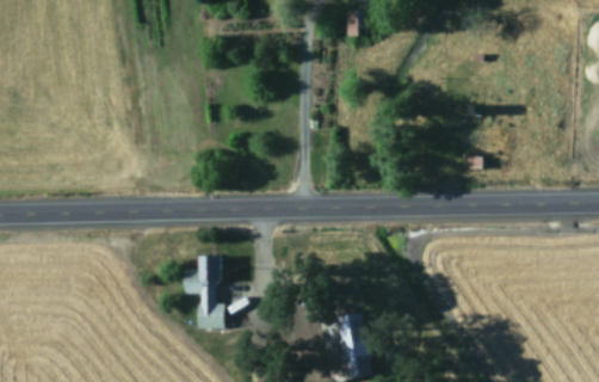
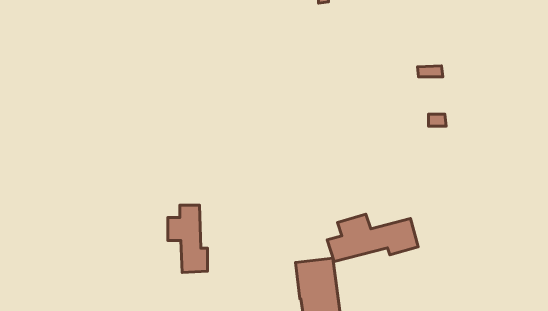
building: none -> [327,214,418,262]

